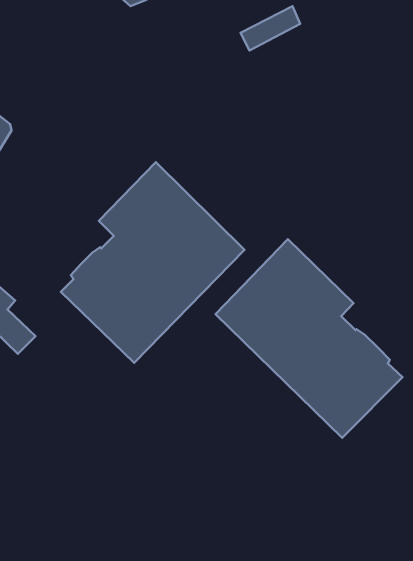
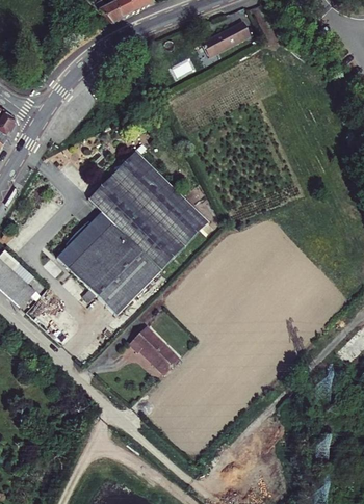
building: [216,239,402,438] -> none
building: none -> [131,326,180,372]

